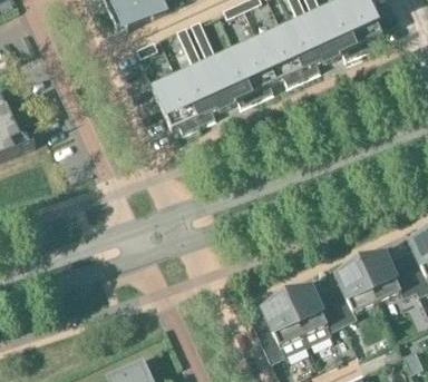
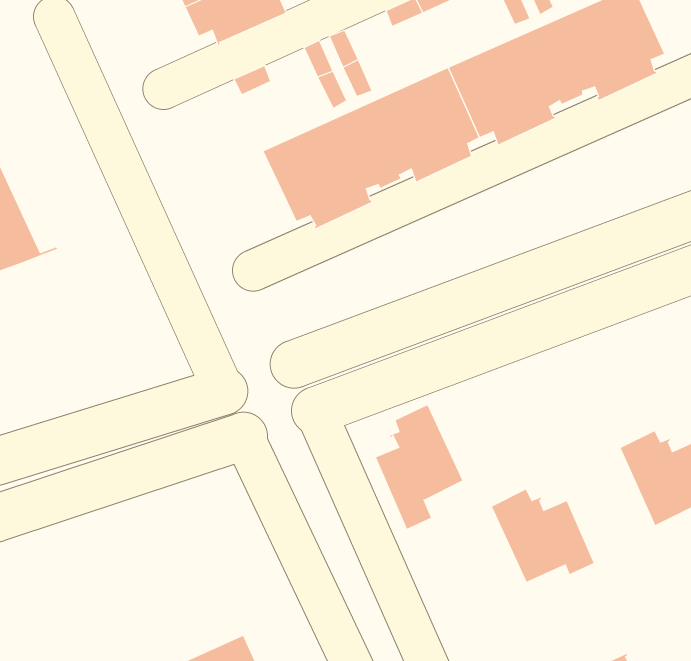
building: [327,256,377,322] -> none
building: [253,290,303,361] -> [375,405,463,529]

